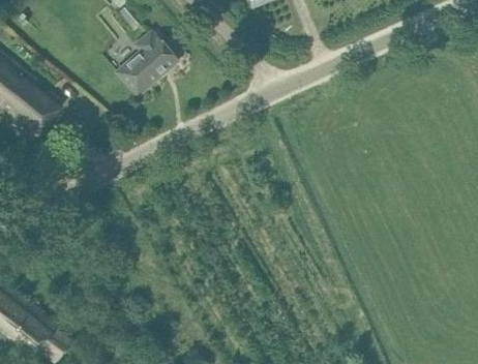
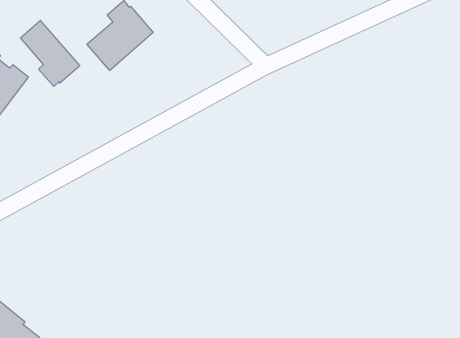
building: none -> [20,20,80,86]

